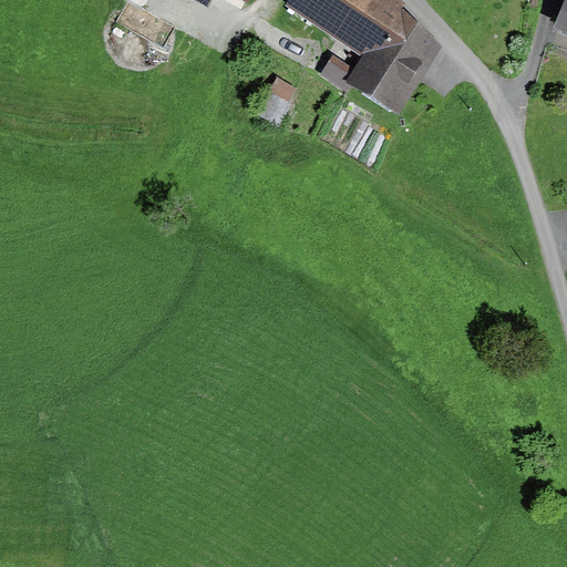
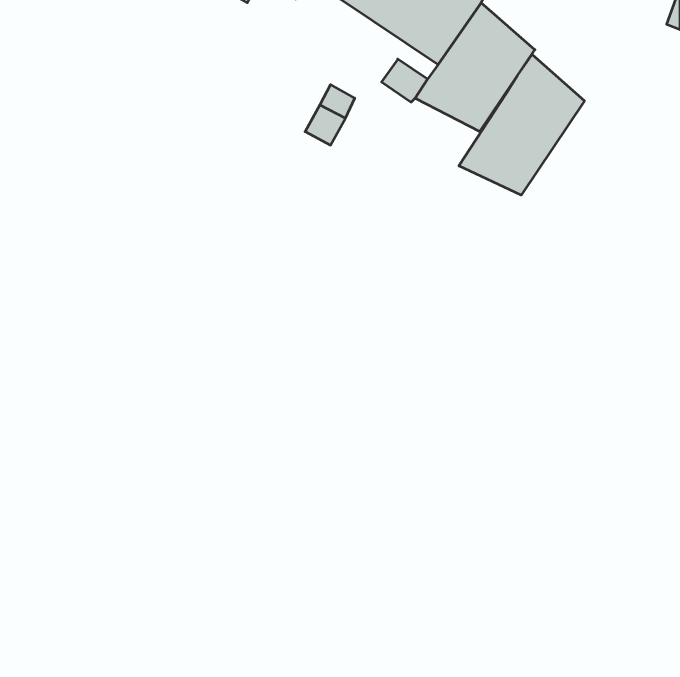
building: none -> [459,54,584,195]

